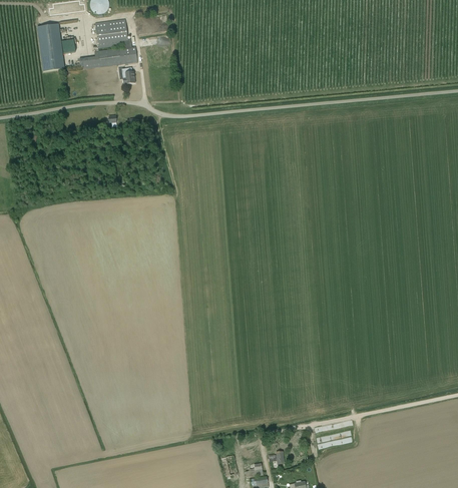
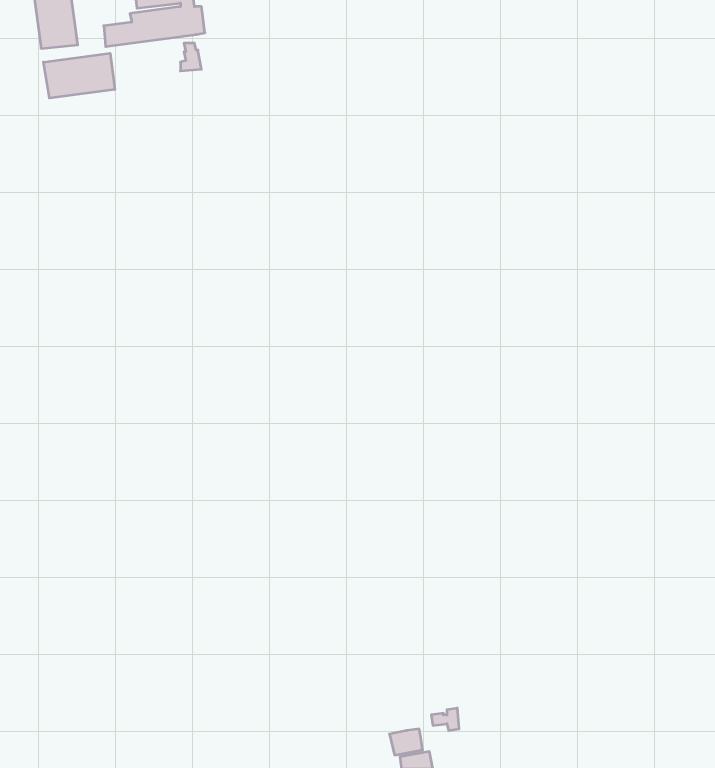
building: none -> [43,53,115,98]

